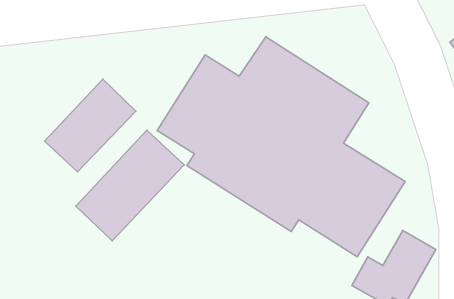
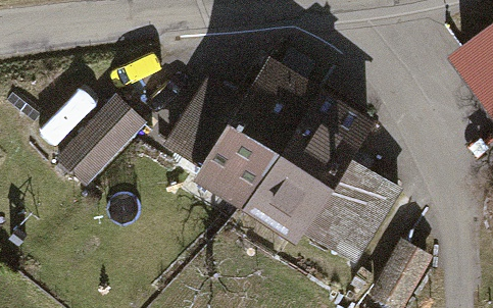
building: [76,130,184,241] -> none

